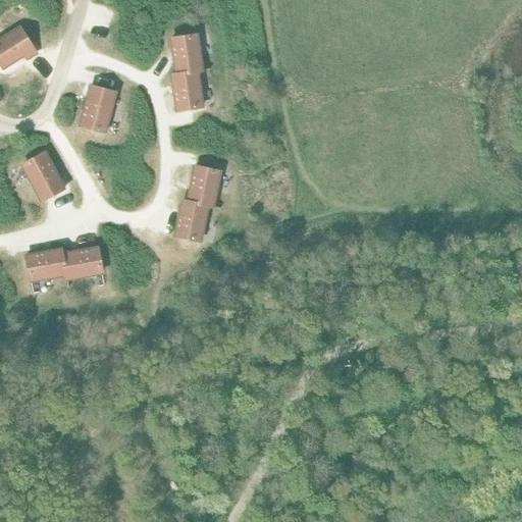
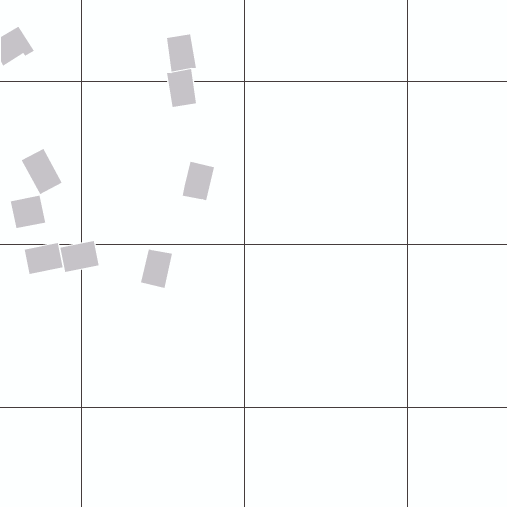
building: [81,86,116,132] -> none
building: none -> [10,195,46,229]
building: [175,200,209,241] -> [140,249,173,288]

